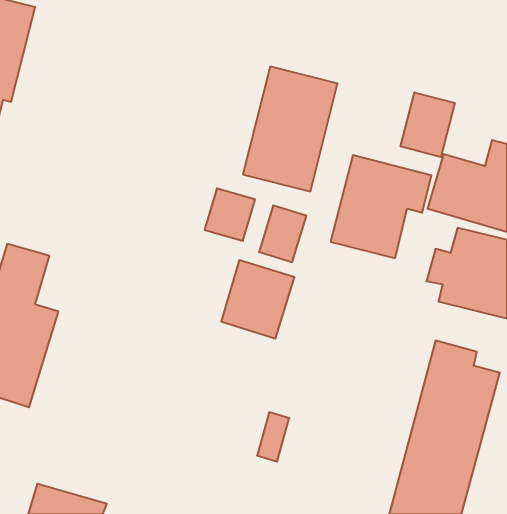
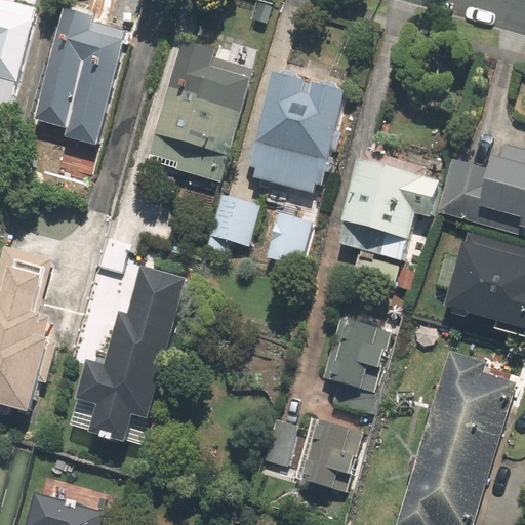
building: none -> [36,5,127,153]
building: none -> [148,39,252,179]
building: [401,92,455,157] -> none
building: none -> [78,264,191,451]
building: [221,260,295,339] -> [319,315,394,395]
building: none -> [291,416,363,491]

